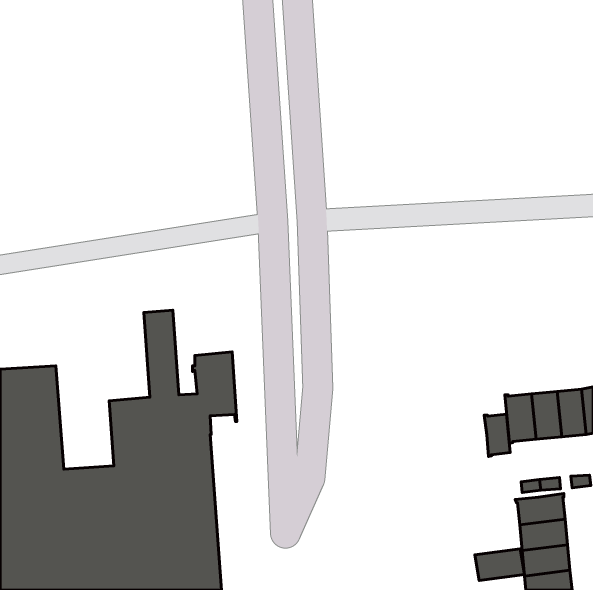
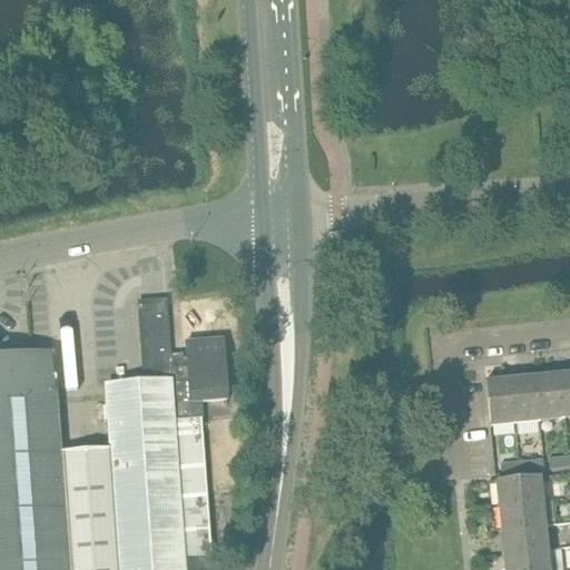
building: [484,414,510,456] -> none
building: [475,549,524,580] -> none

